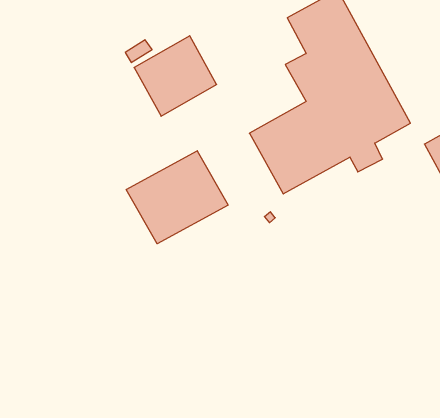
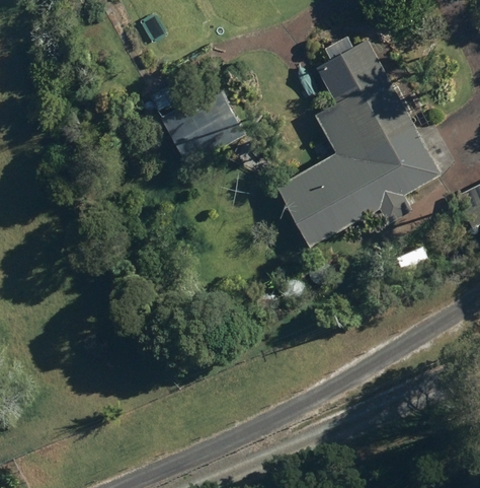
building: [126,151,228,244] -> none

